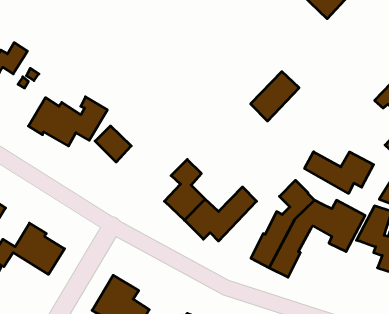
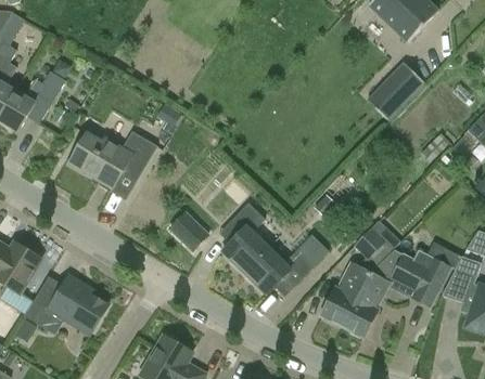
building: [251,72,299,121] -> [368,63,423,119]
building: [95,126,131,162] -> [168,211,209,252]
building: [305,152,374,193] -> none

